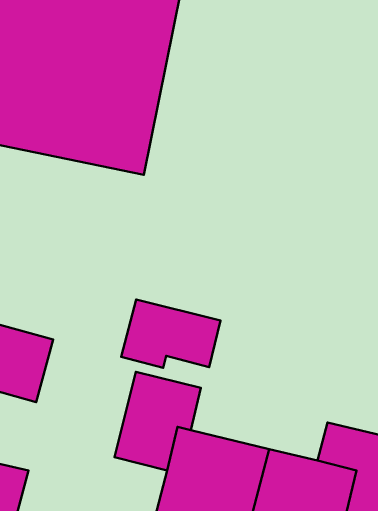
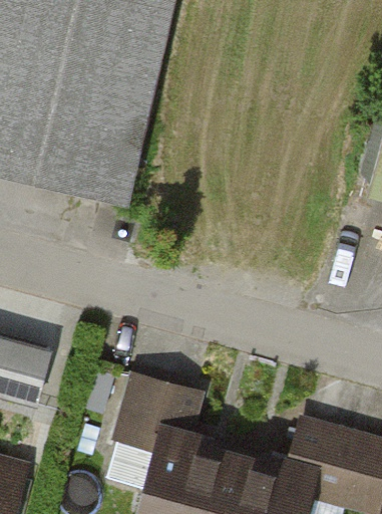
building: [121,299,221,368] -> none

